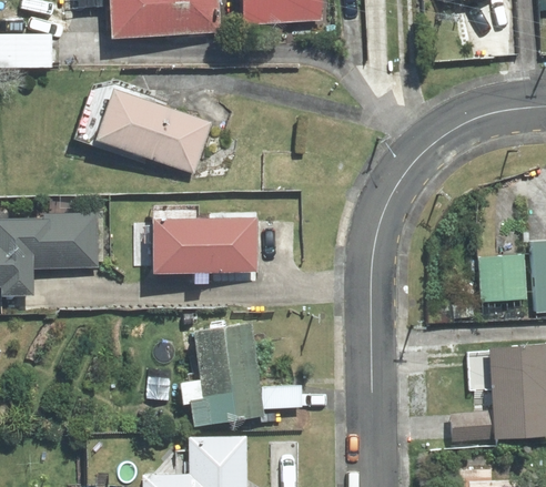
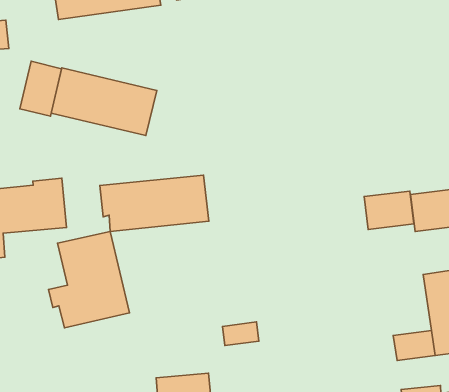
building: none -> [20,61,62,116]
building: none -> [364,191,414,229]
building: [179,325,265,427] -> [49,231,129,328]

